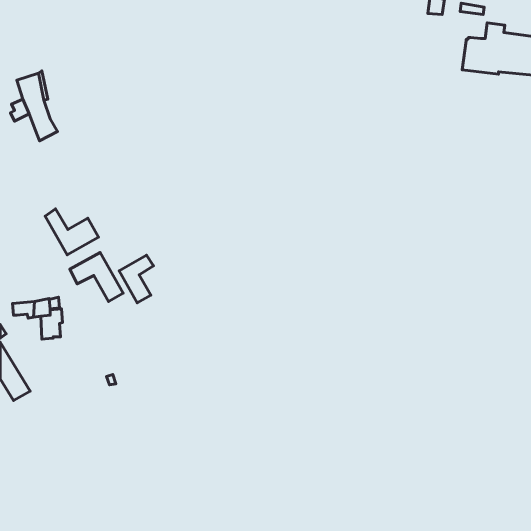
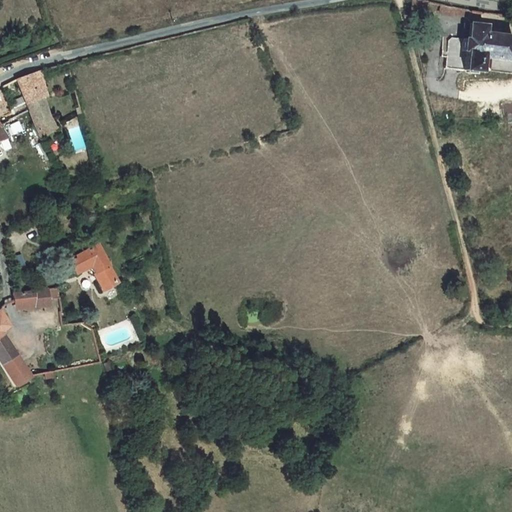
building: [45,209,99,255] -> none
building: [119,255,153,303] -> none

